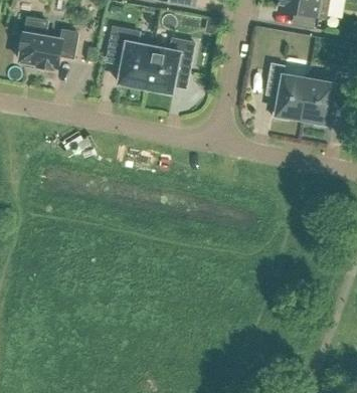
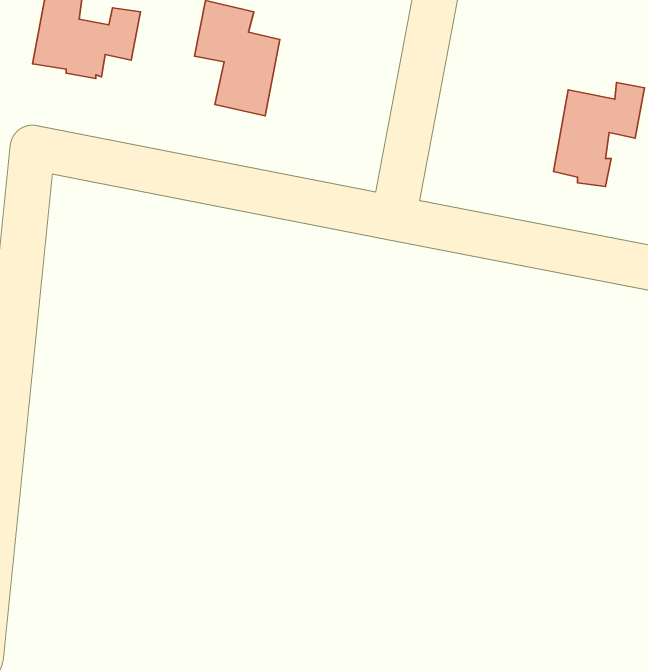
building: [145,38,194,93] -> none
building: [265,62,308,120] -> none

